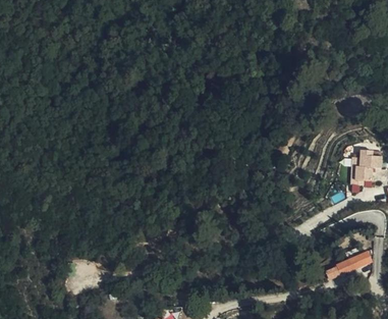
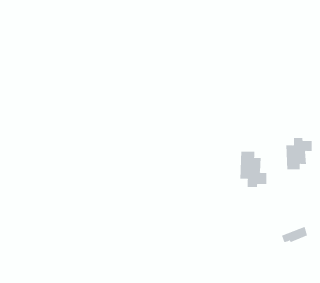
building: none -> [240,151,267,188]

